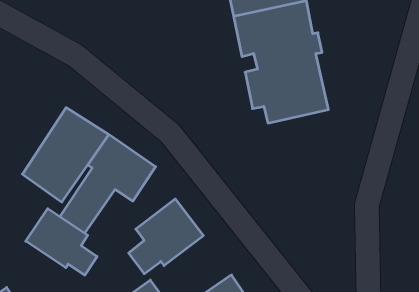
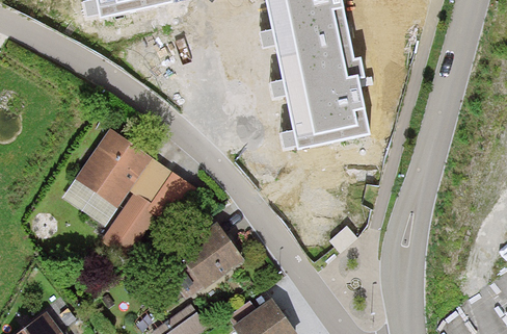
building: [26,209,97,275] -> none

